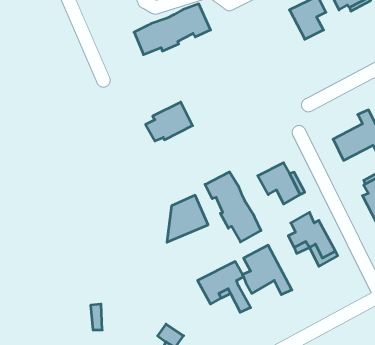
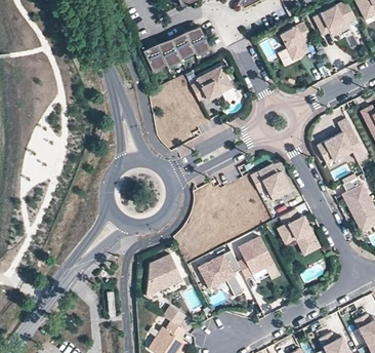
building: [146,102,193,141] -> [192,67,233,101]
building: [205,172,261,242] -> none
building: [167,195,208,242] -> [145,253,181,295]

